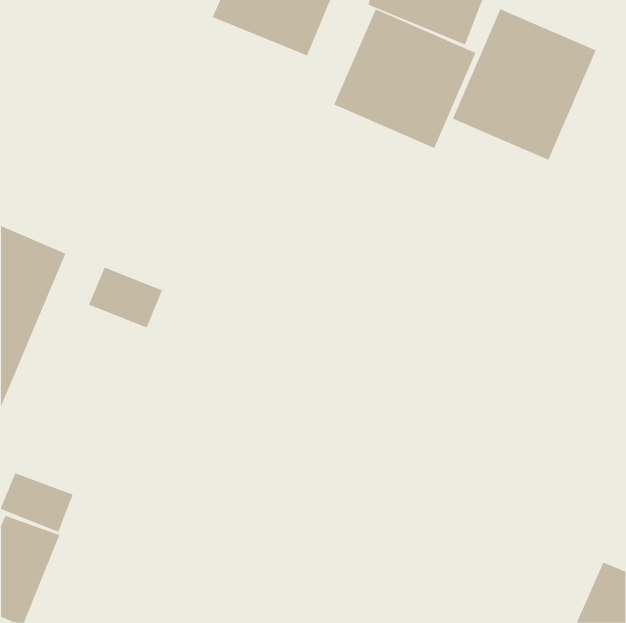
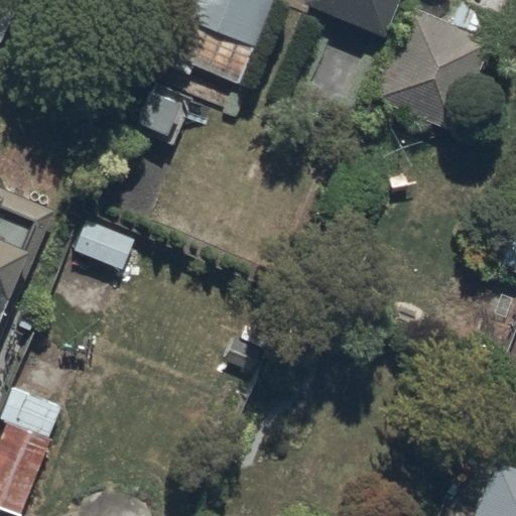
building: [334,9,476,149] -> none

